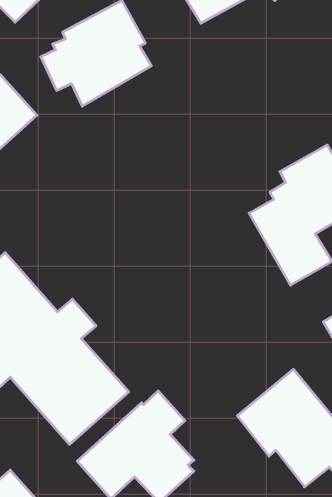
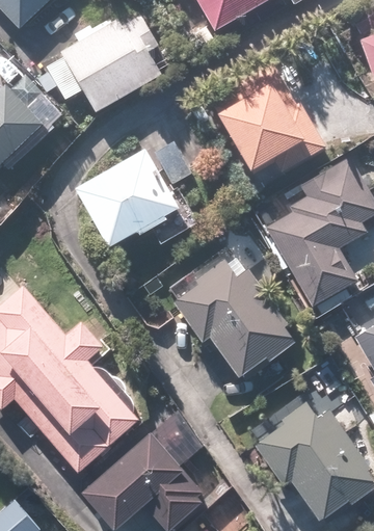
building: none -> [212,60,313,170]
building: none -> [79,140,197,247]
building: none -> [177,261,293,375]

